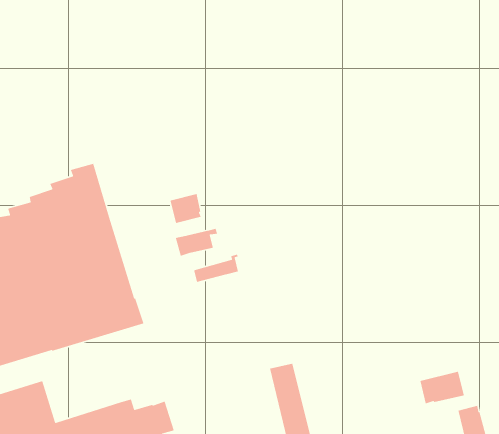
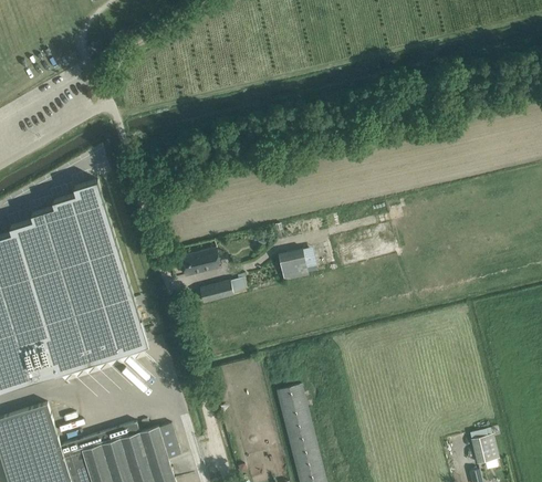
building: [169,193,202,224] -> none
building: none -> [277,251,308,282]
building: [419,371,465,405] -> none

